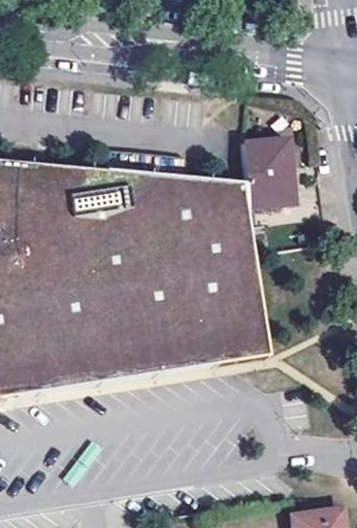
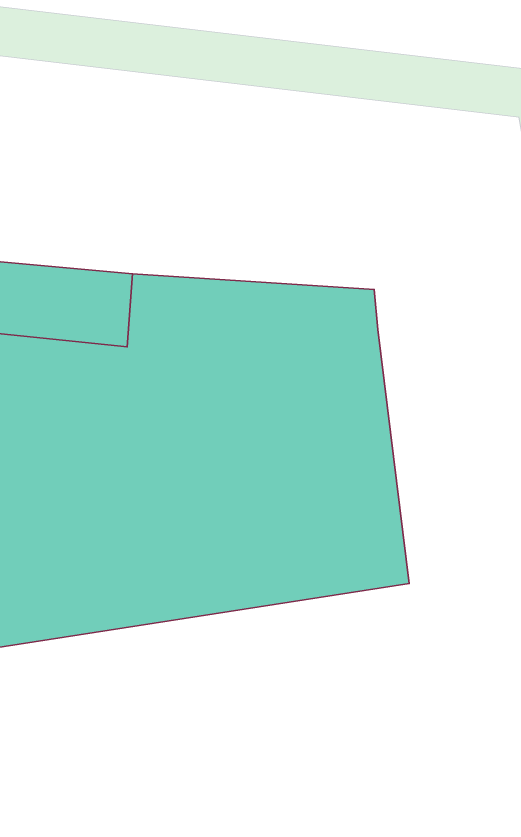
building: [247,135,298,202] -> none

